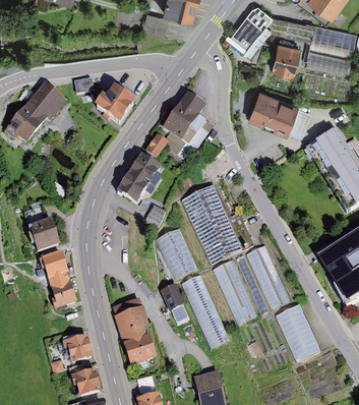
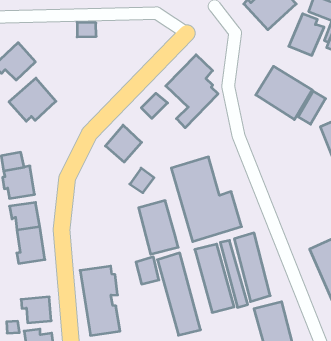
building: [23,80,66,121] -> [9,78,56,121]
building: [94,83,135,121] -> none
building: [130,151,161,180] -> none

